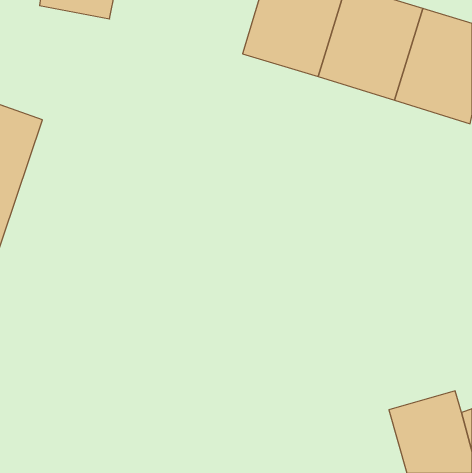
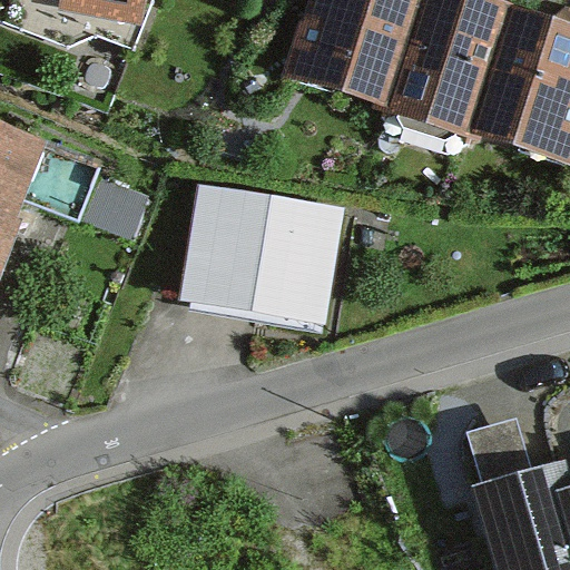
building: none -> [186,186,346,330]

